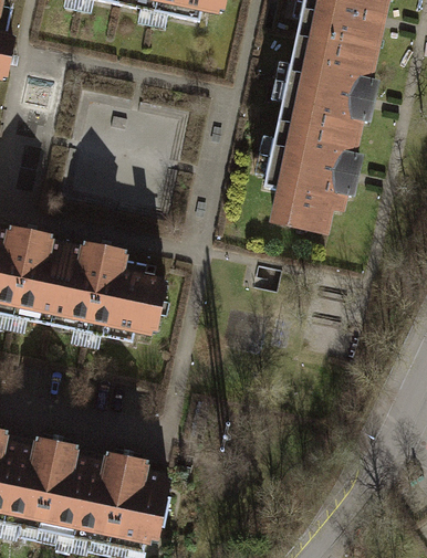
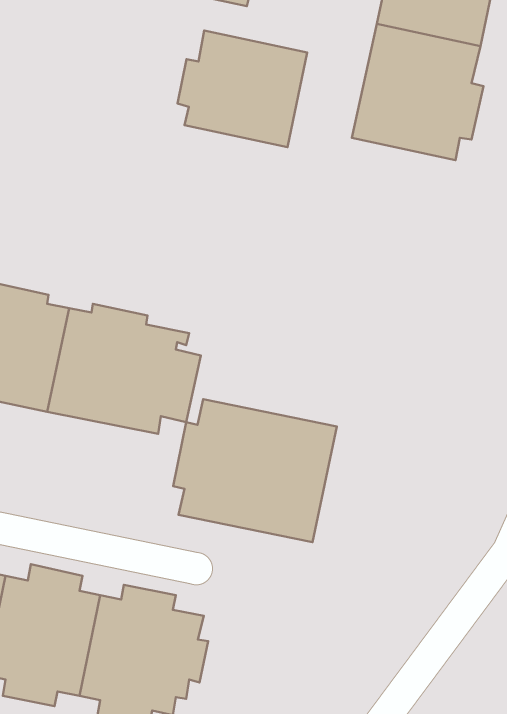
building: none -> [177,30,307,147]
building: [264,118,361,230] -> none
building: none -> [173,399,337,542]

